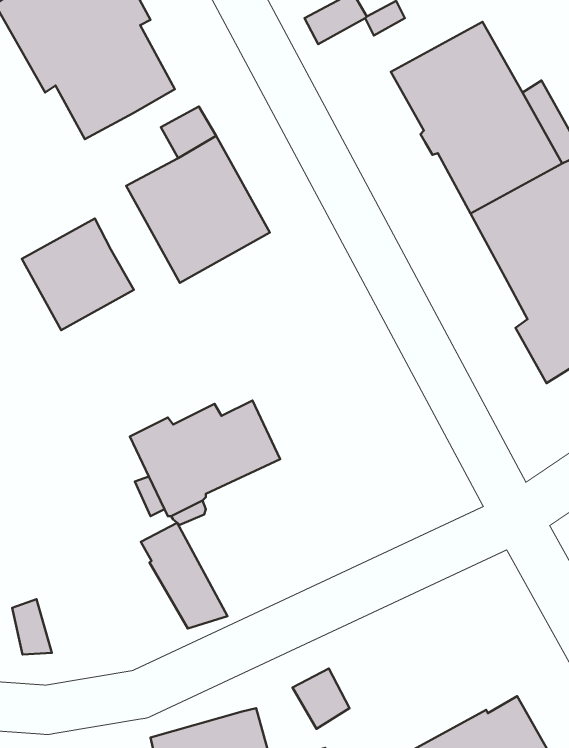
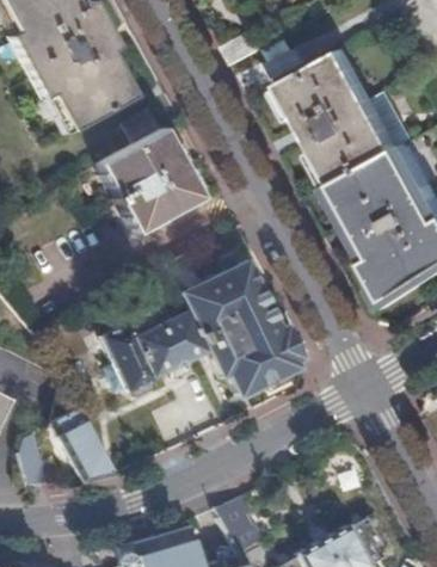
building: [22,218,134,330] -> none
building: none -> [161,246,301,400]
building: [141,523,227,628] -> [51,411,111,483]

